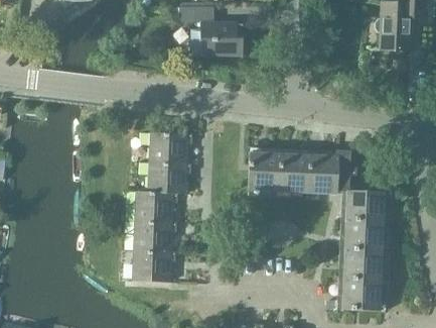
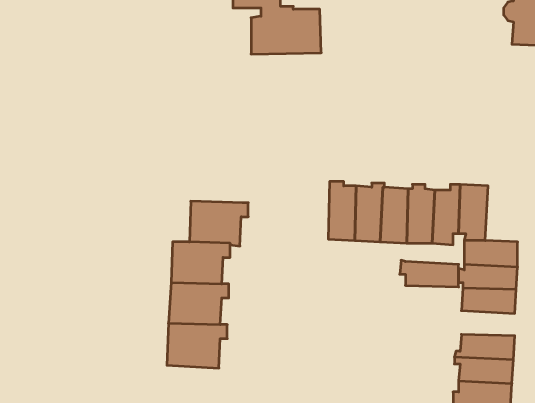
building: [149,133,192,163] -> none
building: [339,240,382,259] -> [400,260,459,287]

